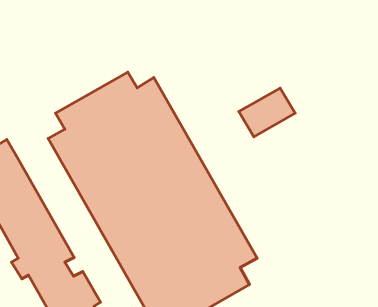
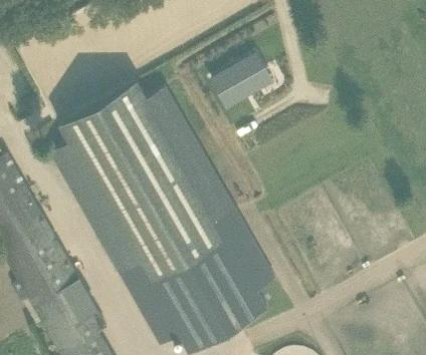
building: [239,88,295,137] -> [213,55,273,107]

